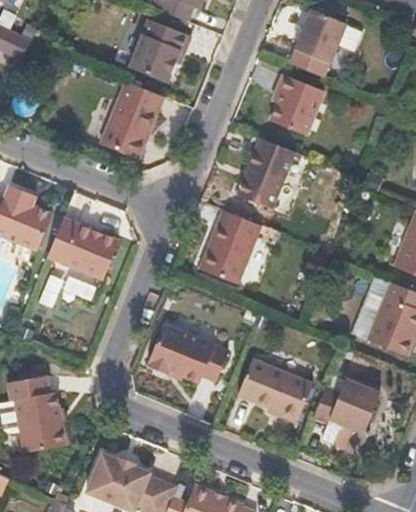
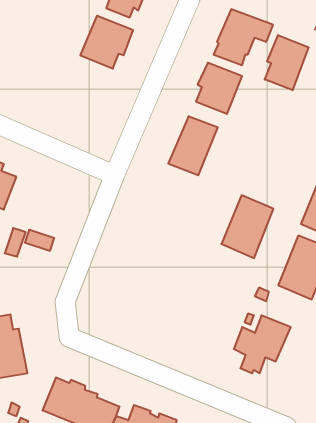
building: none -> [265,35,309,90]
building: [101,81,165,160] -> none
building: [197,209,260,285] -> [221,195,273,258]
building: [48,216,121,280] -> none
building: [146,324,229,382] -> none
building: [238,357,313,422] -> none

